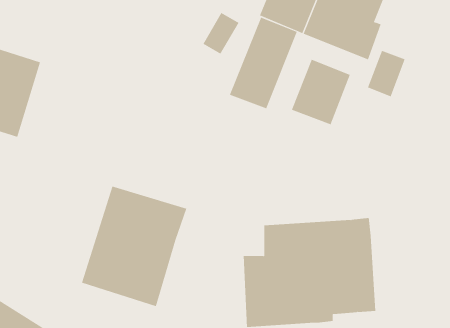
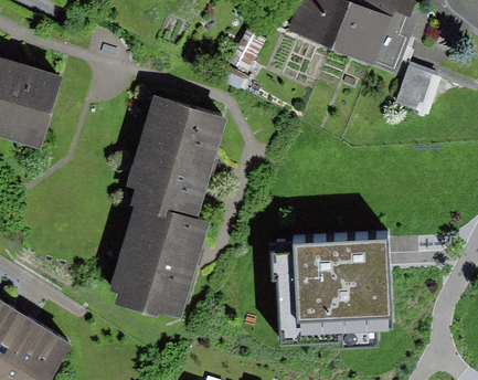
building: [229,17,298,109] -> none
building: [291,59,351,125] -> none
building: none -> [125,95,232,220]

